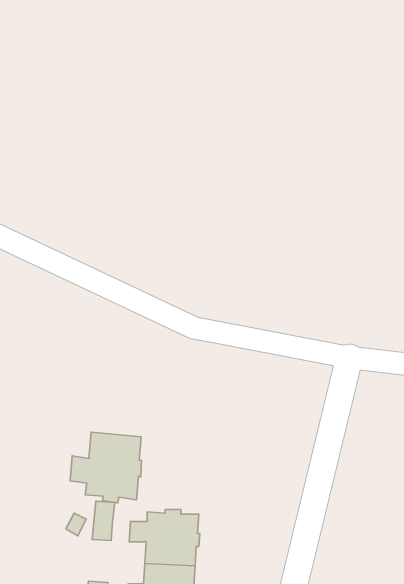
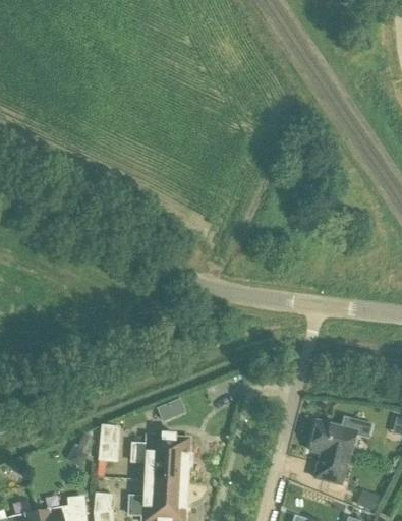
building: [70,432,142,503] -> none
building: none -> [308,421,355,483]

